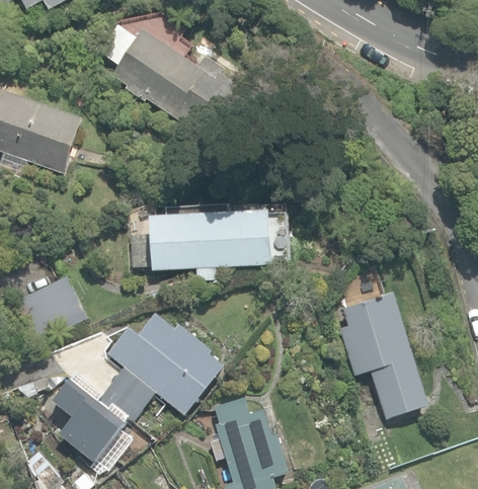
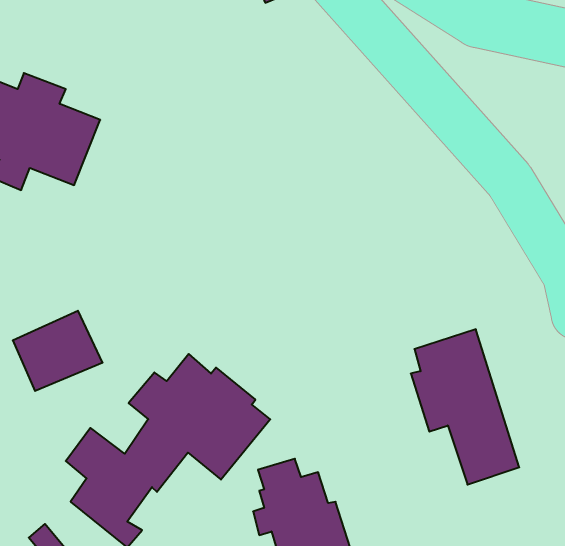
building: [101,24,261,131] -> none
building: [130,209,272,279] -> none

